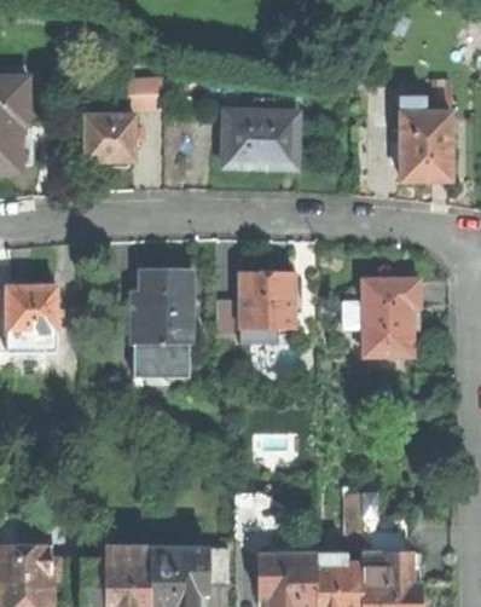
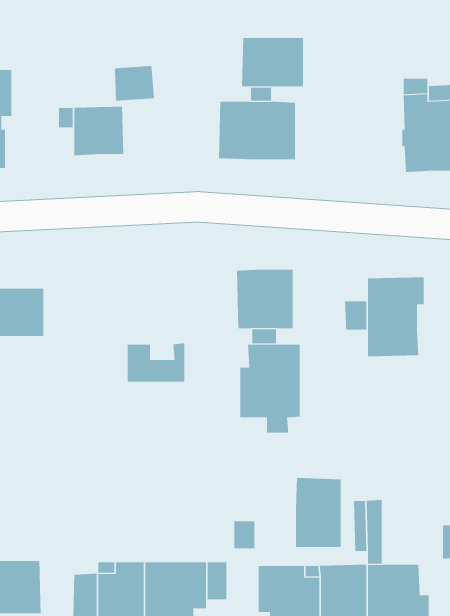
building: none -> [241,37,304,87]
building: [133,273,191,358] -> [239,344,300,433]
building: none -> [296,477,341,548]

